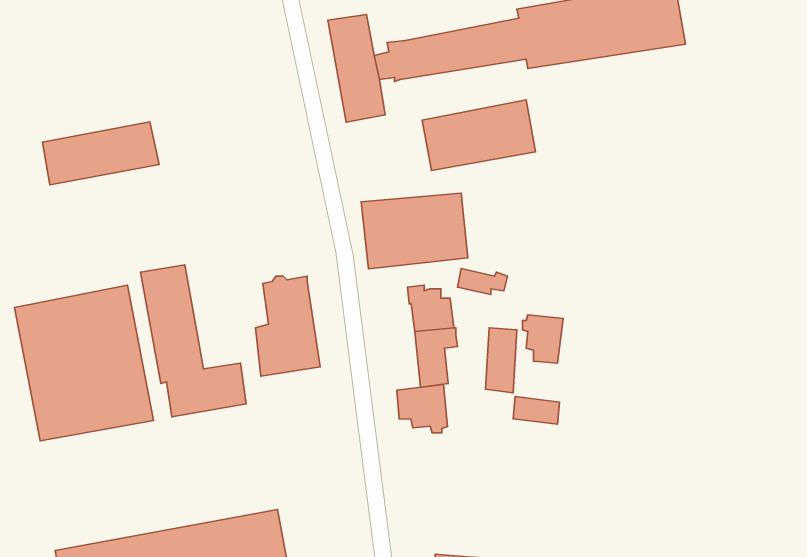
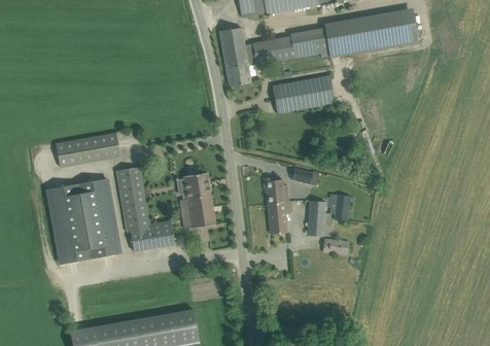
building: [42,122,159,185] -> [56,132,120,167]
building: [361,193,468,269] -> none
building: [397,384,448,433] -> none

